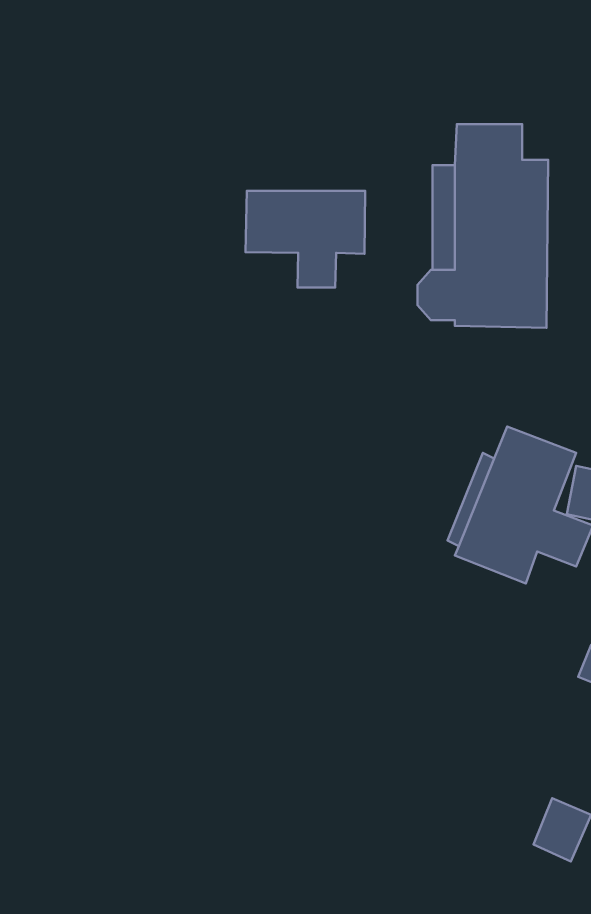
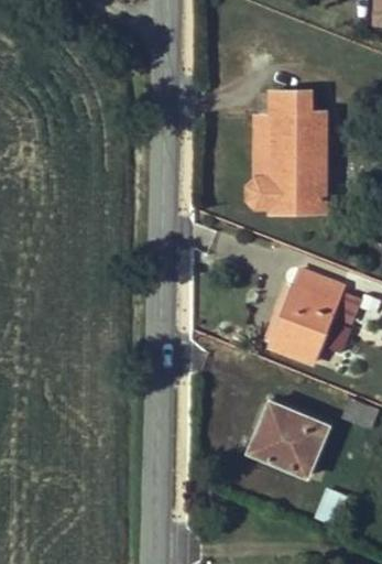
building: [245,191,365,288] -> none
building: none -> [255,401,329,477]

